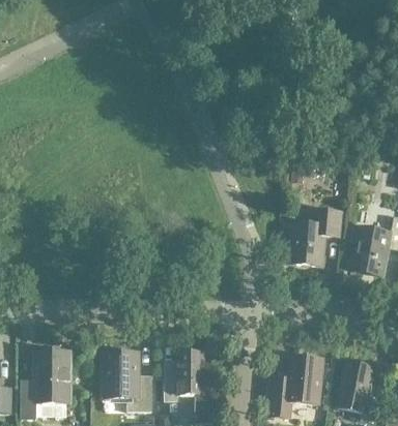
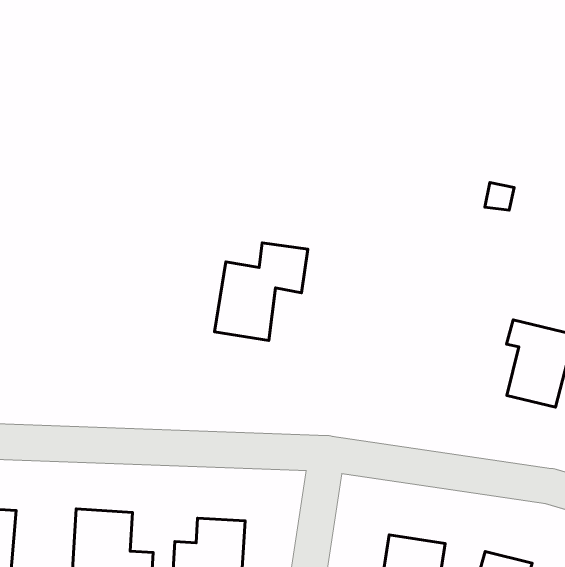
building: [289,209,341,266] -> [215,243,308,340]

